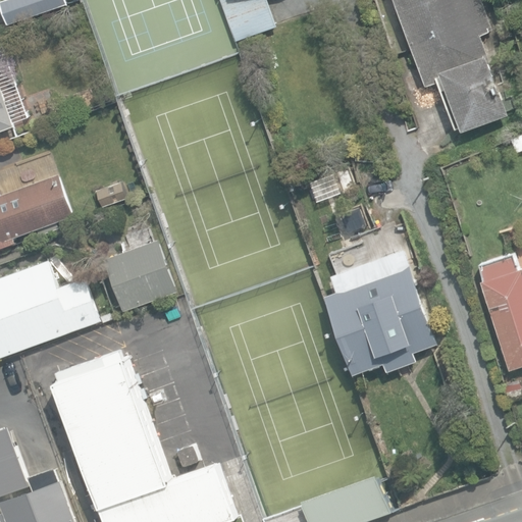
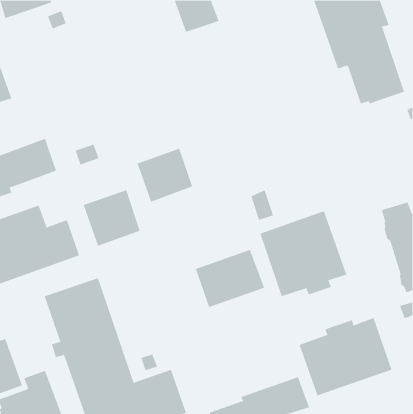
building: none -> [137,148,193,202]
building: none -> [195,249,265,308]
building: none -> [299,317,392,396]

